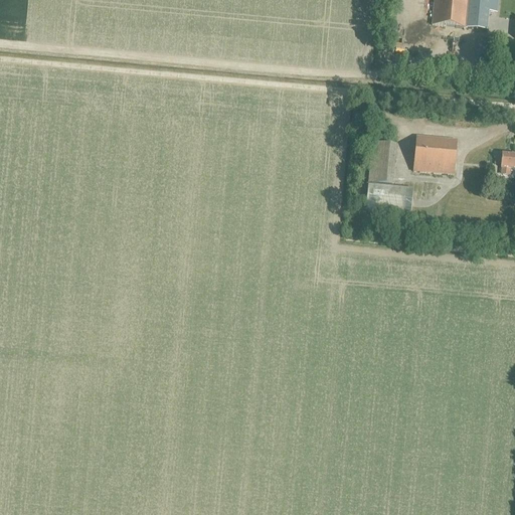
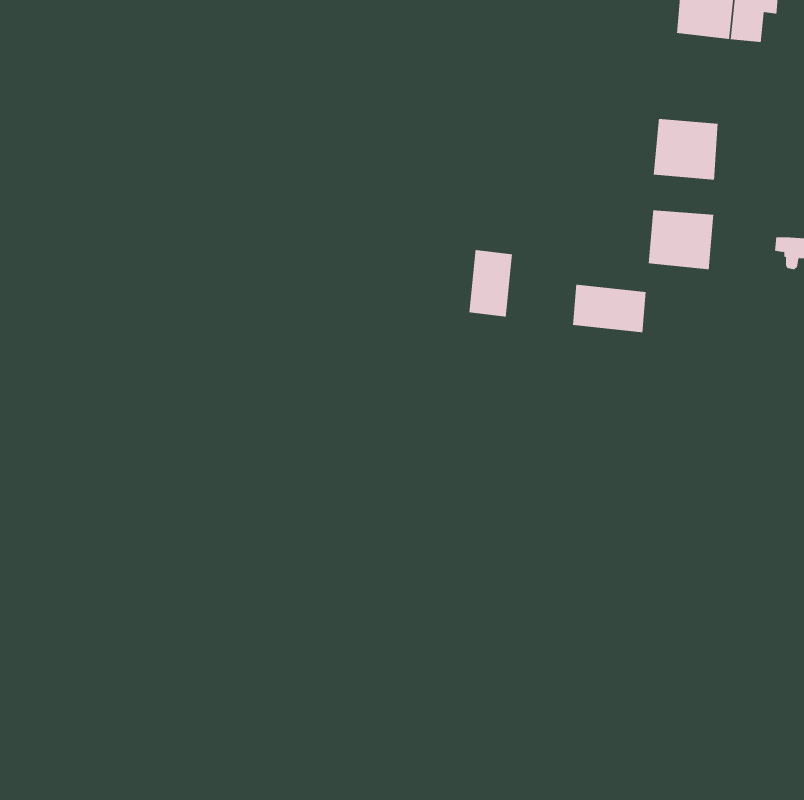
building: none -> [653,118,718,180]
building: [368,139,396,182] -> [469,249,513,317]

